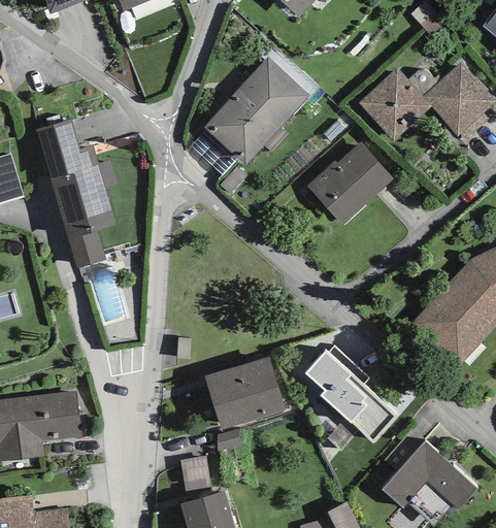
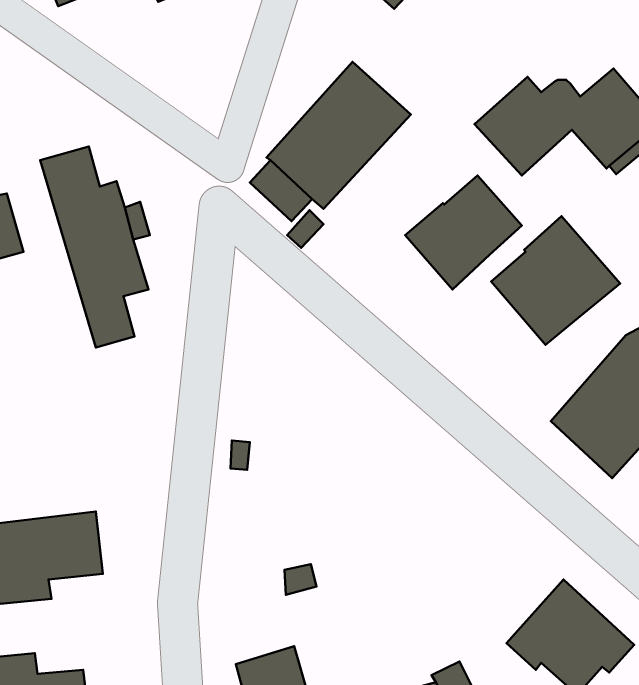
building: none -> [491,216,620,345]
building: [304,351,397,443] -> none
building: [204,356,286,430] -> none
building: [179,455,211,490] -> none

